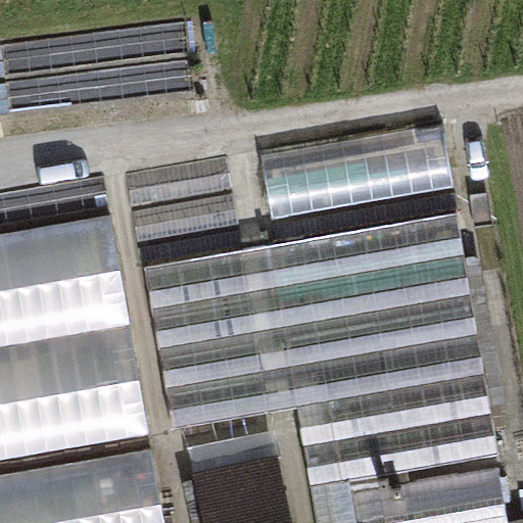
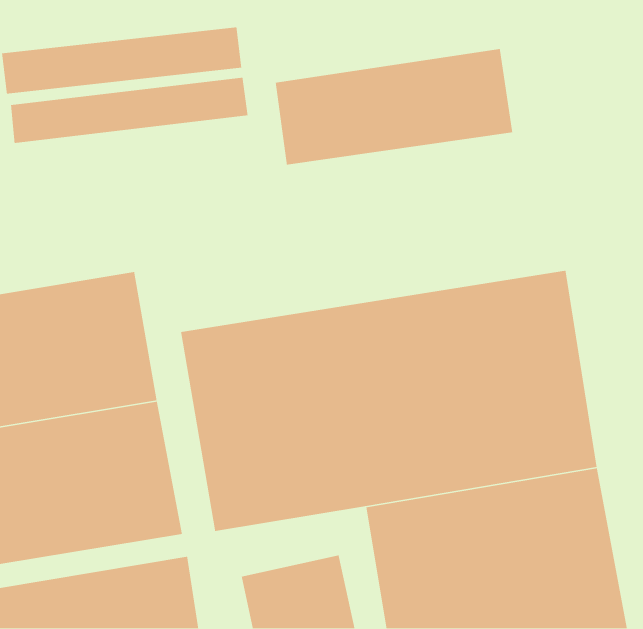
building: [265,124,458,219] -> [275,48,513,165]

